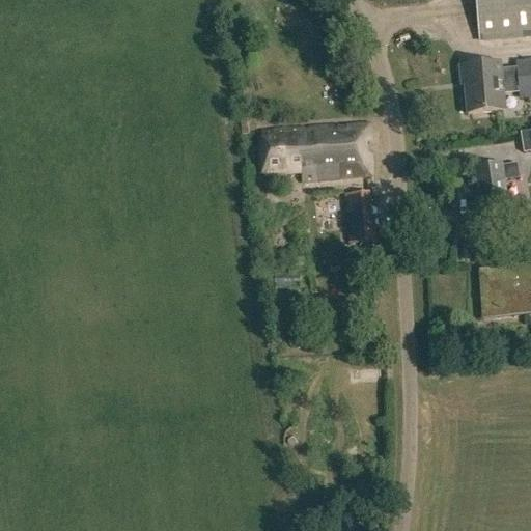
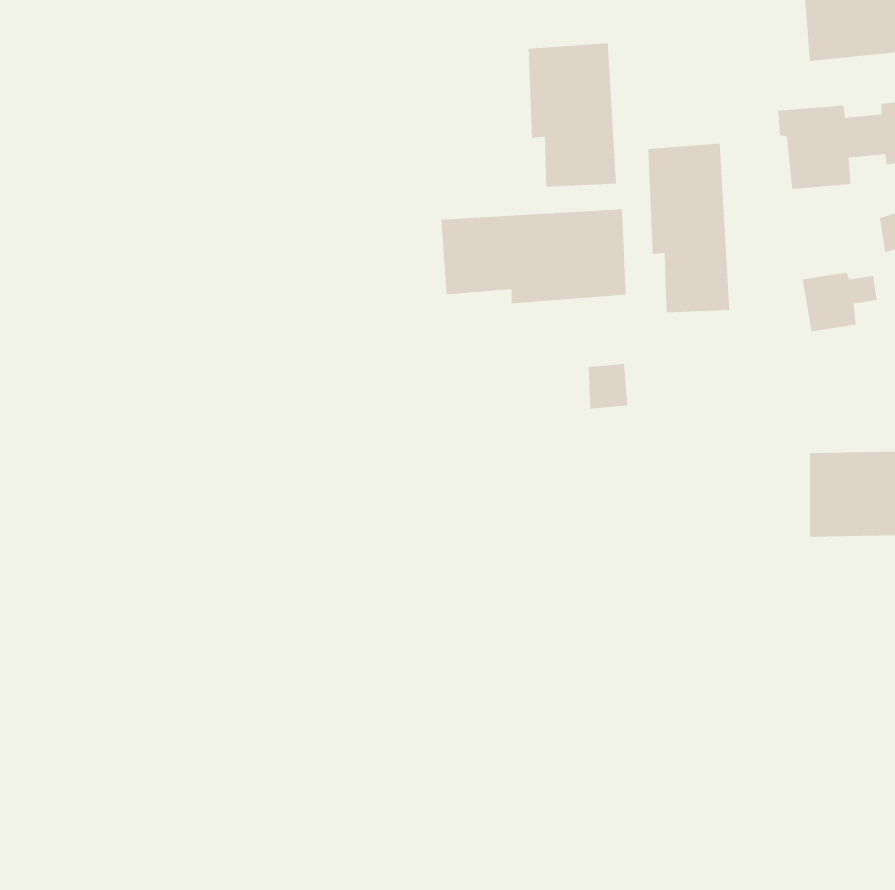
building: none -> [528,42,616,188]
building: none -> [648,143,730,313]

